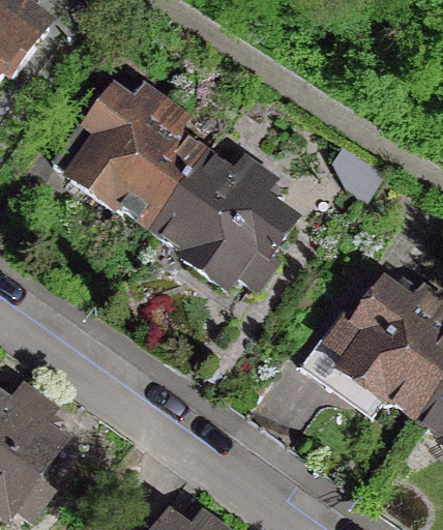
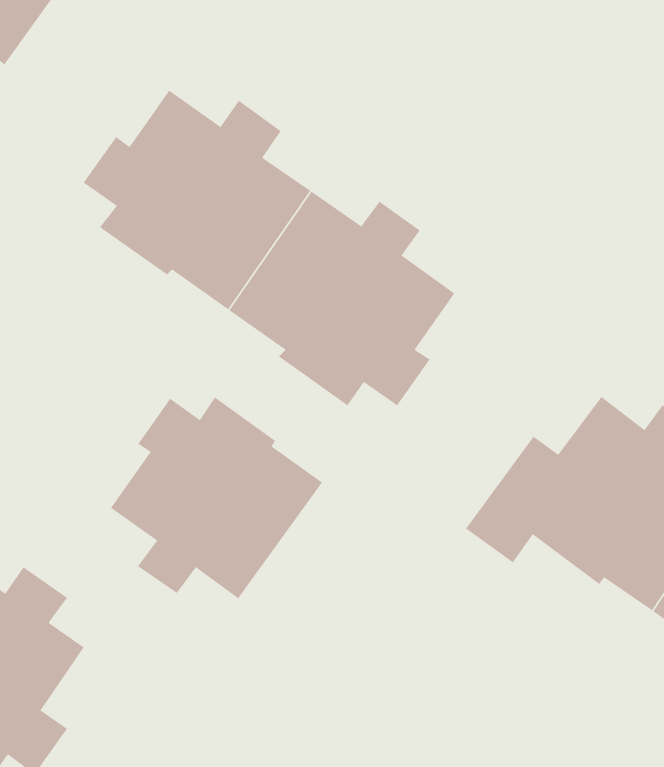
building: none -> [110,397,323,599]

